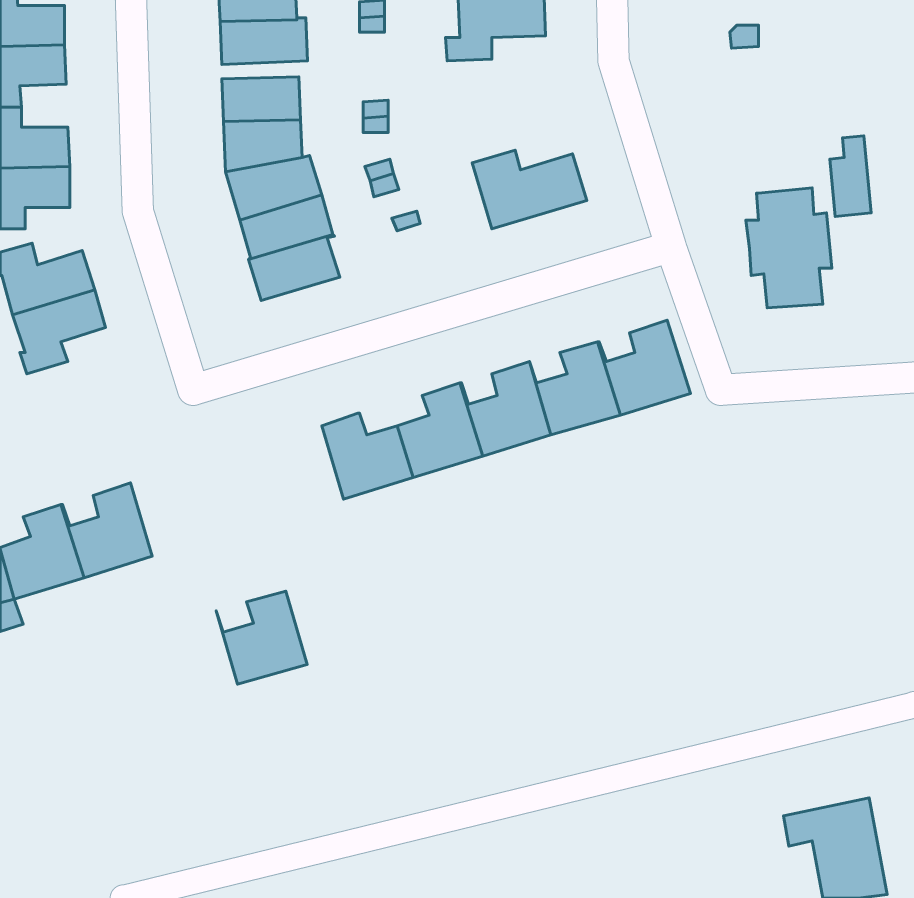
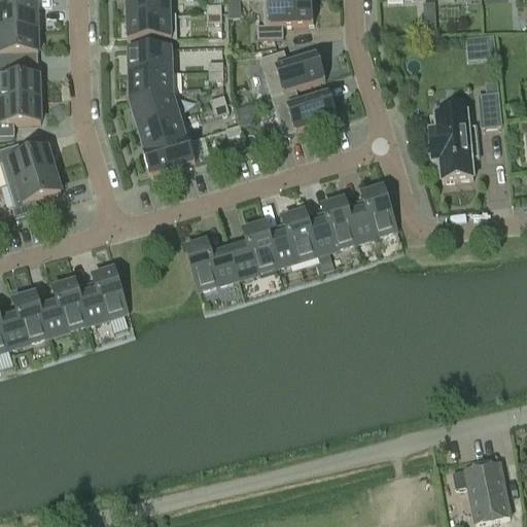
building: none -> [259,47,325,94]
building: [216,591,307,684] -> [75,267,128,320]

